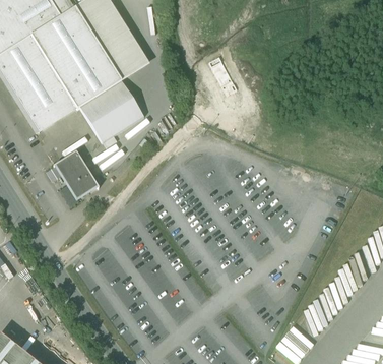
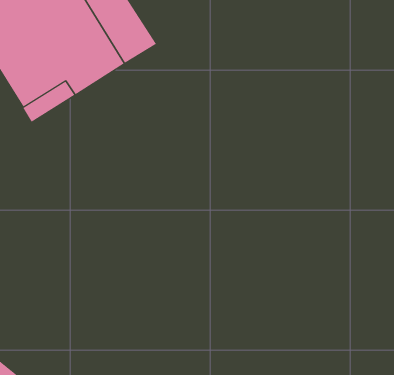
building: [79,80,143,142] -> none
building: [53,150,99,197] -> none

